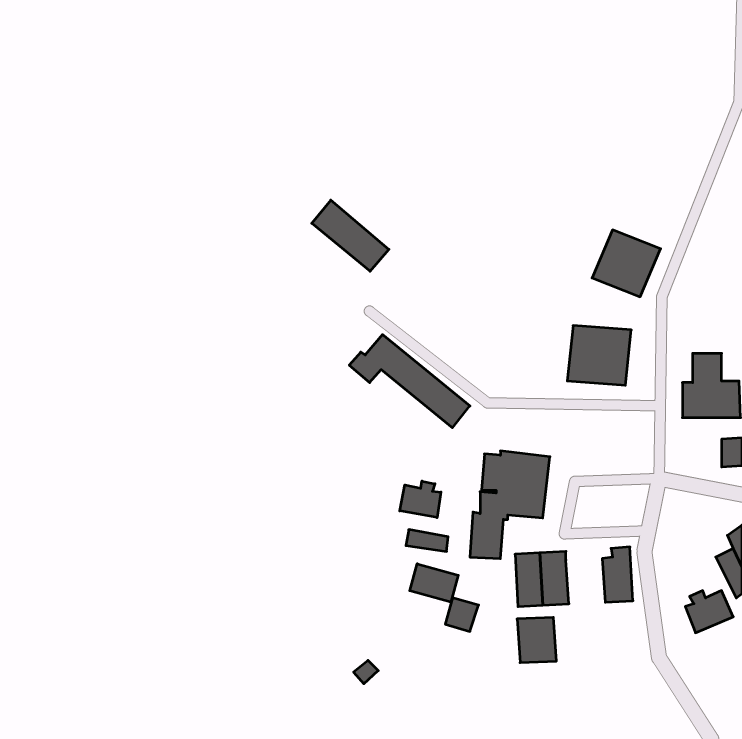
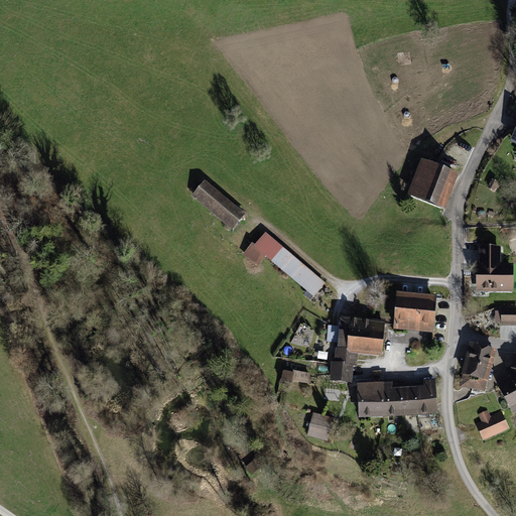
building: [312,200,389,271] -> [191,179,245,229]
building: [567,326,631,385] -> [393,292,437,334]
building: [400,481,441,518] -> none
building: none -> [460,342,497,389]
building: [410,564,458,602] -> none
building: [517,617,556,663] -> [392,387,419,418]

